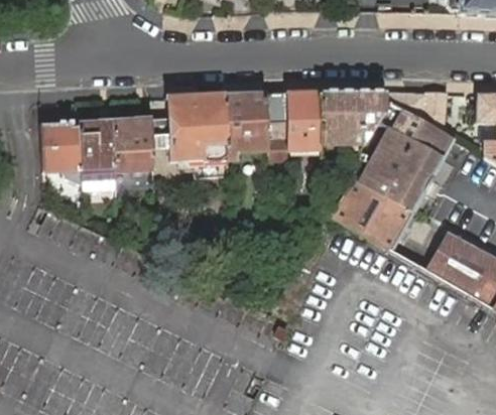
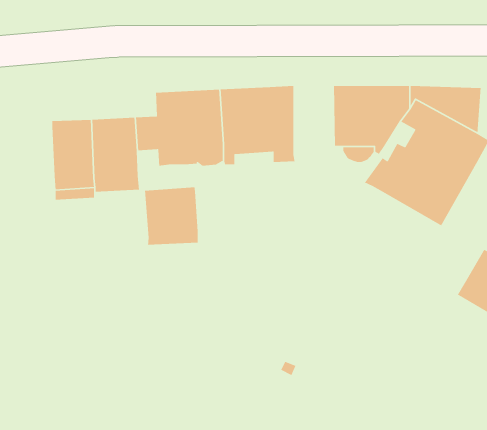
building: [287,91,322,154] -> none
building: [41,120,82,170] -> none
building: [331,177,413,250] -> none
building: none -> [144,187,198,246]

